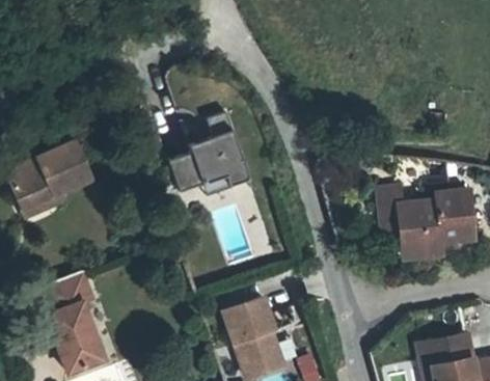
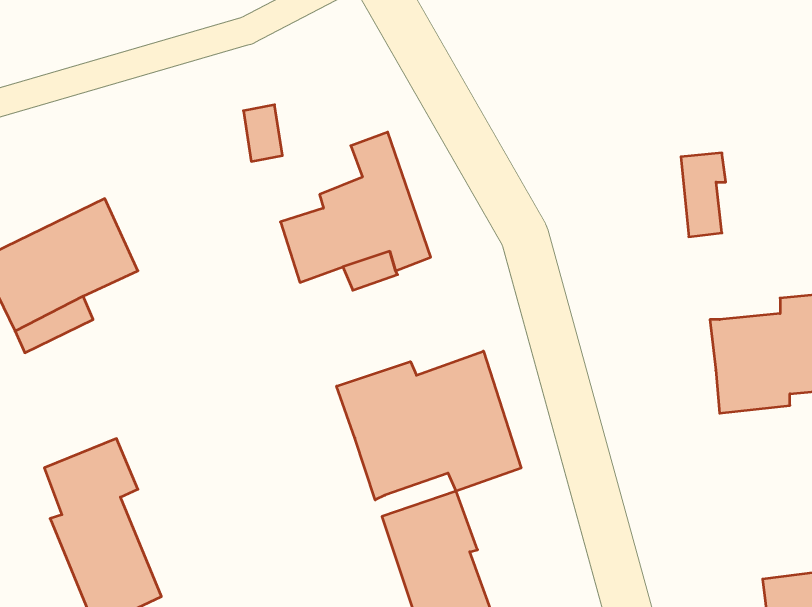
building: [379,191,403,236] -> [681,153,726,237]
building: none -> [337,351,521,500]

